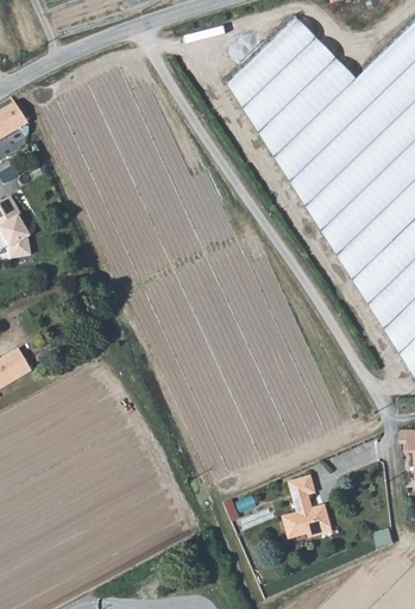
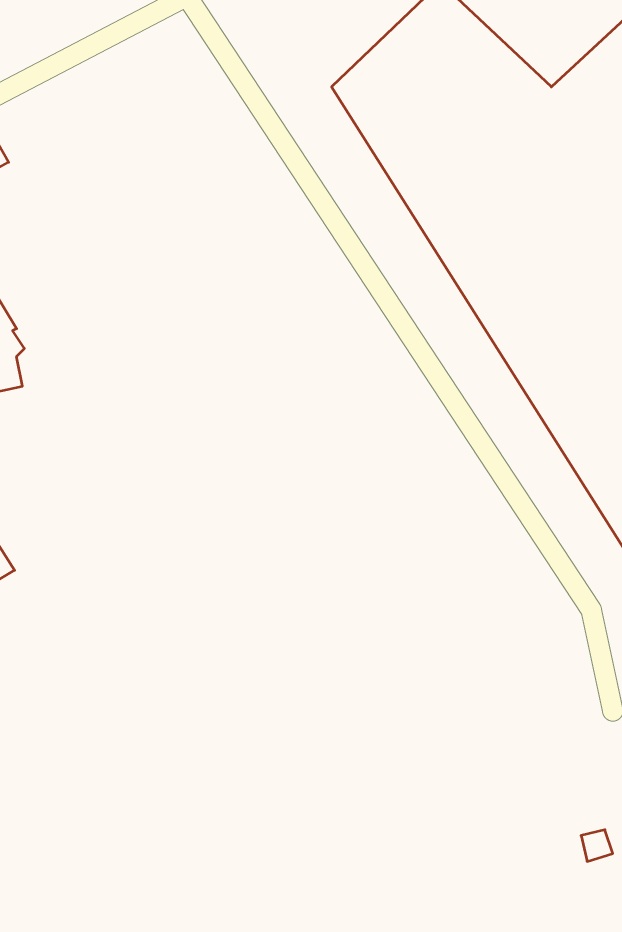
building: [283,476,331,538] -> none

